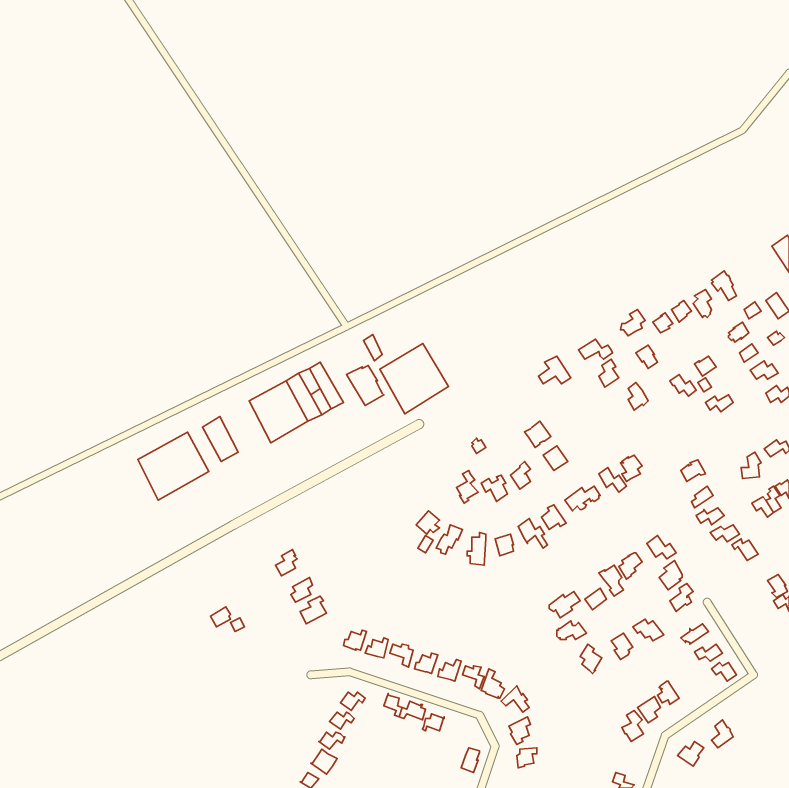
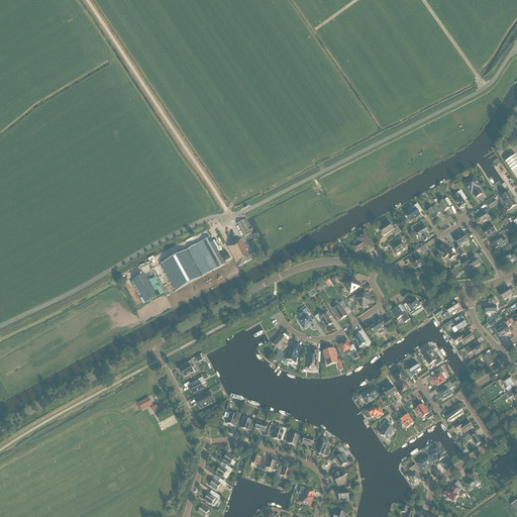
building: [380,344,448,414] -> none
building: [138,432,209,500] -> none

